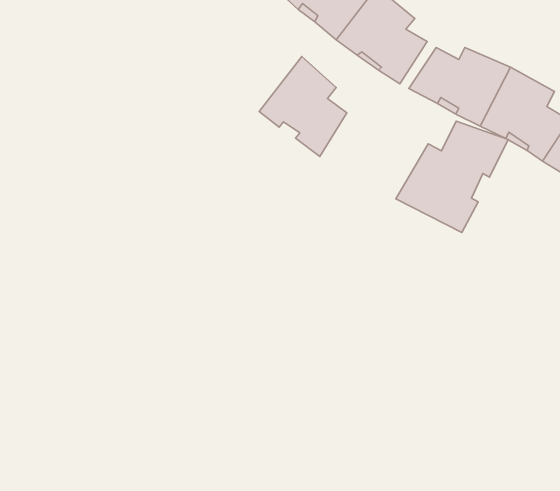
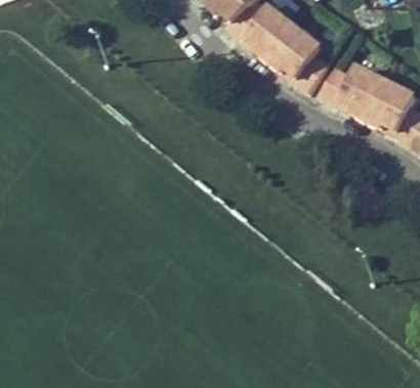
building: [259,57,347,157] -> none
building: [396,121,508,233] -> none

